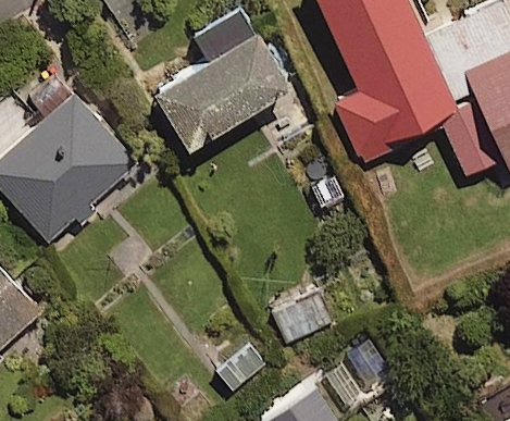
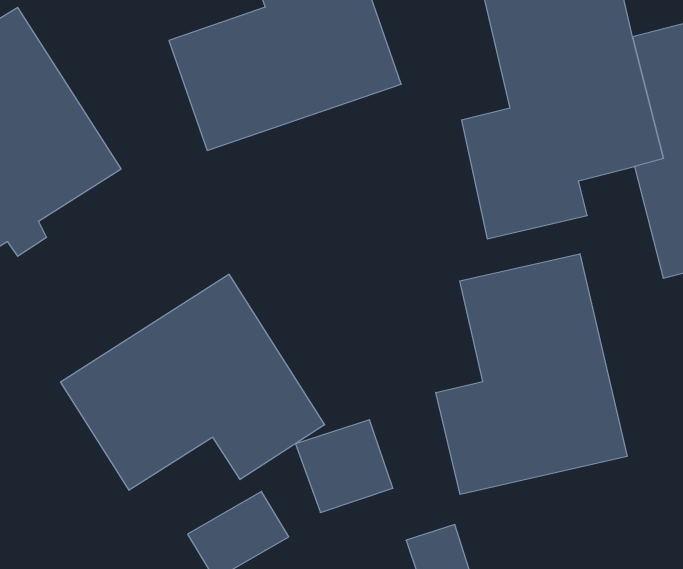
building: none -> [436,254,627,494]
building: none -> [61,274,325,490]

